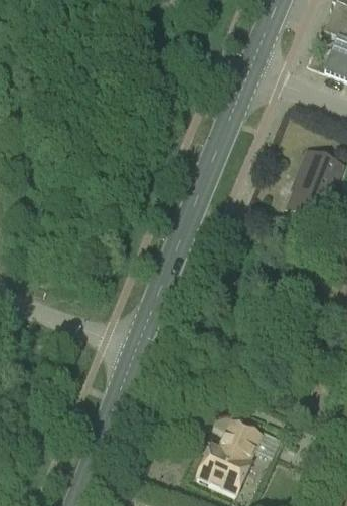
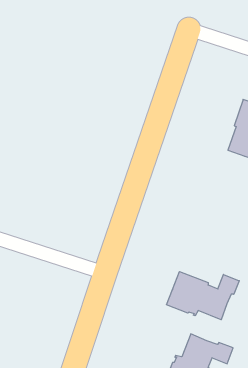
building: none -> [166,272,239,320]

